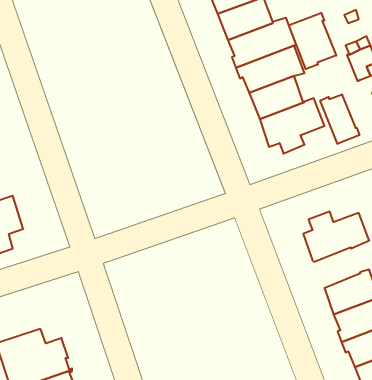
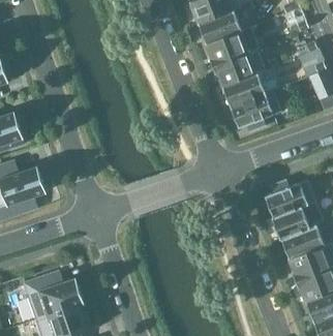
building: [289,13,336,69] -> none
building: [320,94,359,144] -> none
building: none -> [270,207,308,240]

